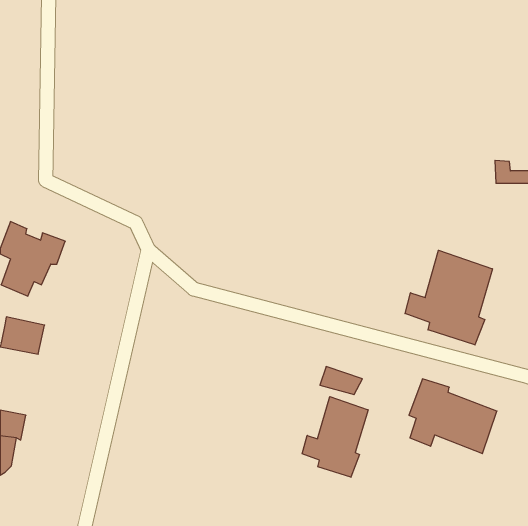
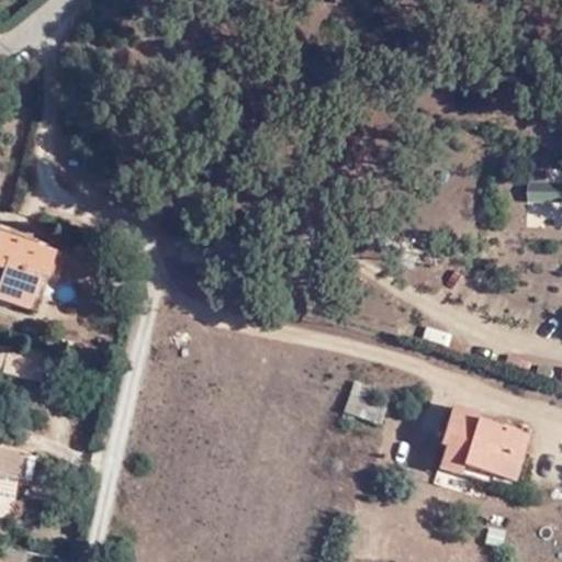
building: [405,250,492,345] -> none
building: [302,397,368,477] -> none

